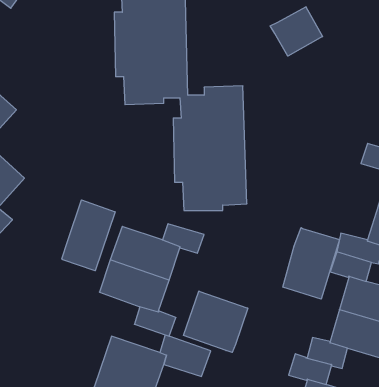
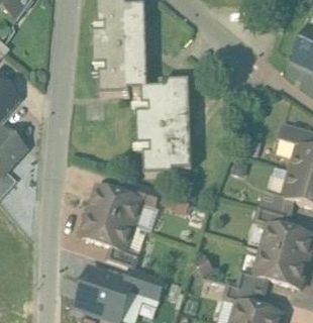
building: [270,7,323,56] -> none
building: [62,200,115,271] -> none
building: [283,228,339,299] -> none
building: [183,291,248,352] -> none

